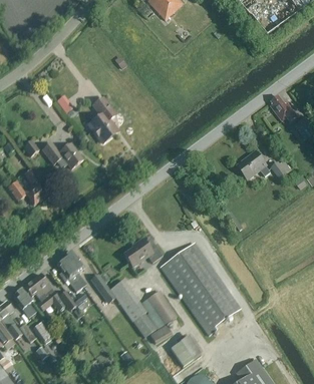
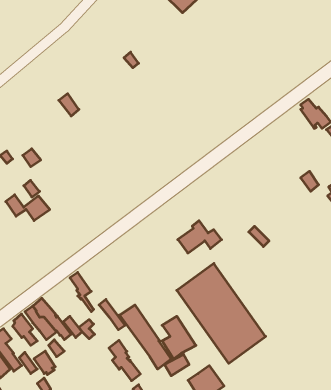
building: [90,98,116,142] -> none
building: [42,142,83,168] -> none
building: [238,152,270,178] -> none
building: [123,238,163,267] -> [178,221,222,253]
building: [56,256,84,292] -> [109,340,140,381]

